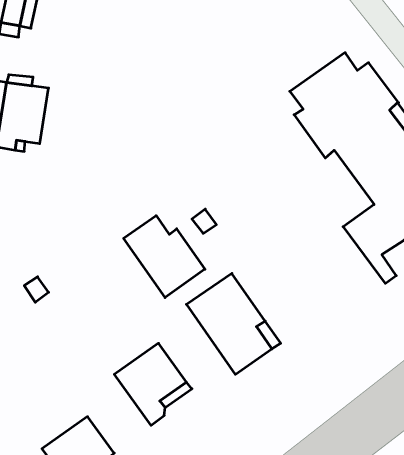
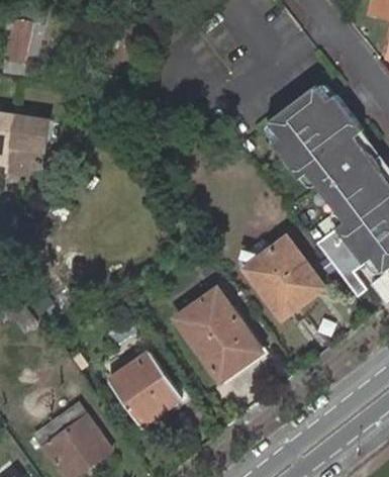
building: [124,216,205,298] -> none
building: none -> [244,237,319,316]

